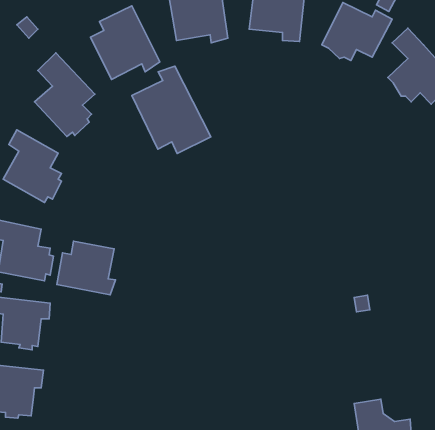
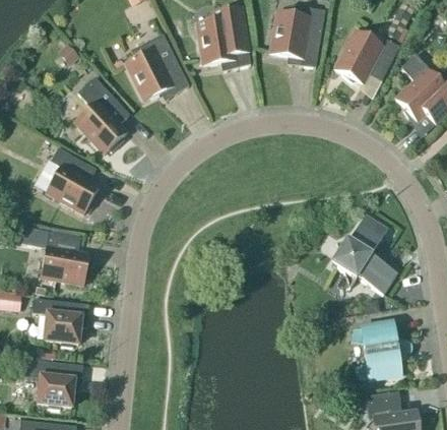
building: [132,66,211,154] -> none
building: none -> [331,214,396,294]
building: [57,241,115,295] -> none
building: none -> [350,322,406,379]

